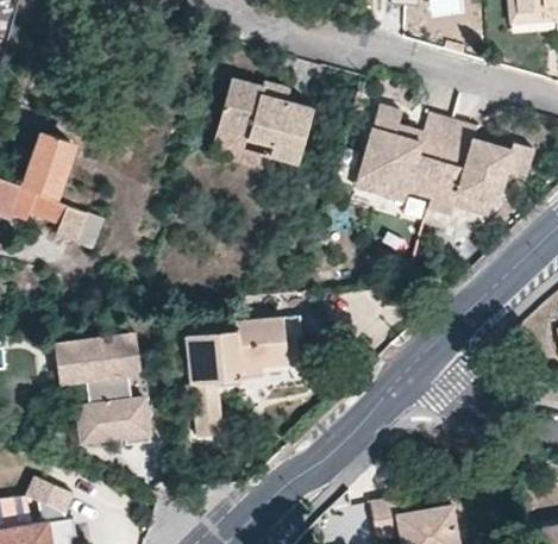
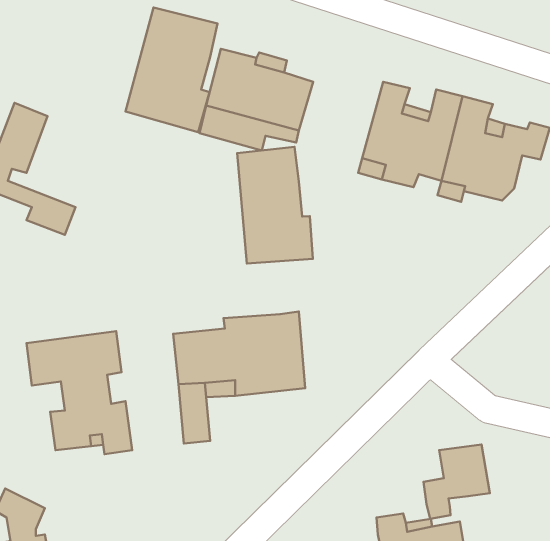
building: none -> [125,7,217,132]
building: none -> [237,147,313,263]
building: none -> [424,445,490,519]

